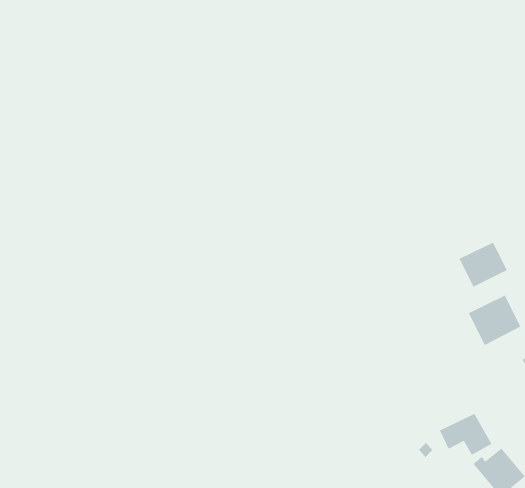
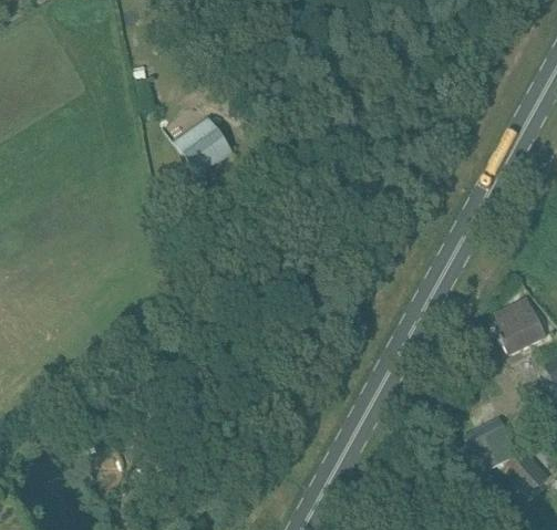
building: none -> [174,116,234,176]
building: [459,241,508,288] -> none

